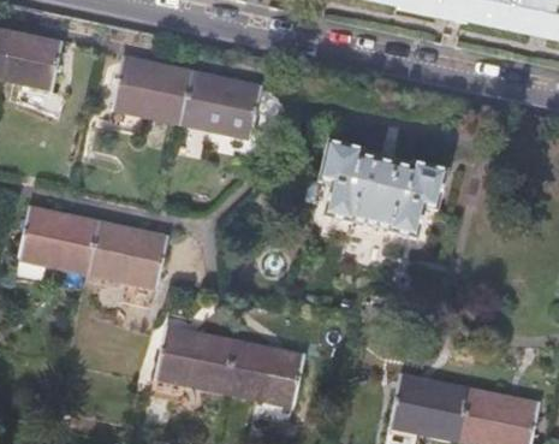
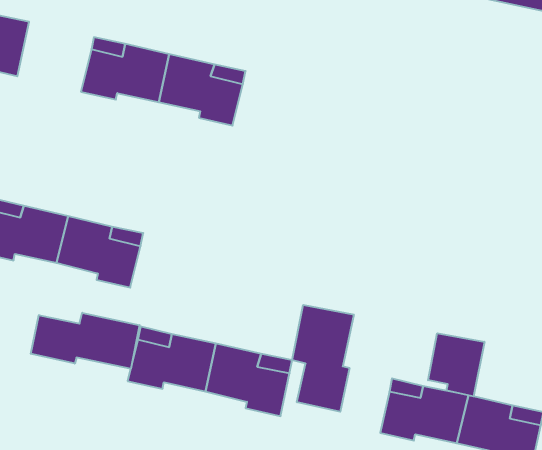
building: [321,146,441,235] -> none
building: none -> [292,305,354,412]
building: none -> [31,313,140,369]
building: none -> [428,333,484,396]

